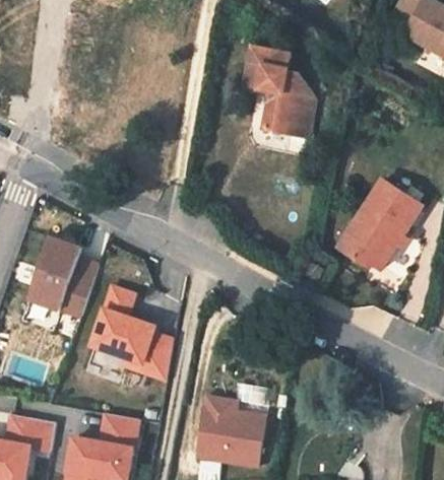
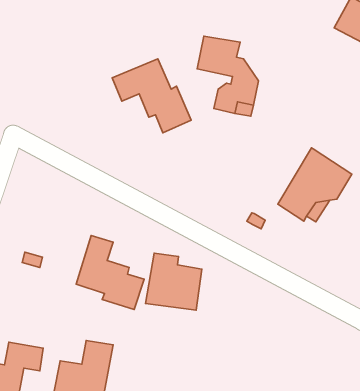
building: none -> [112,59,191,133]
building: [27,236,97,316] -> none
building: [197,397,265,466] -> [146,253,202,310]

